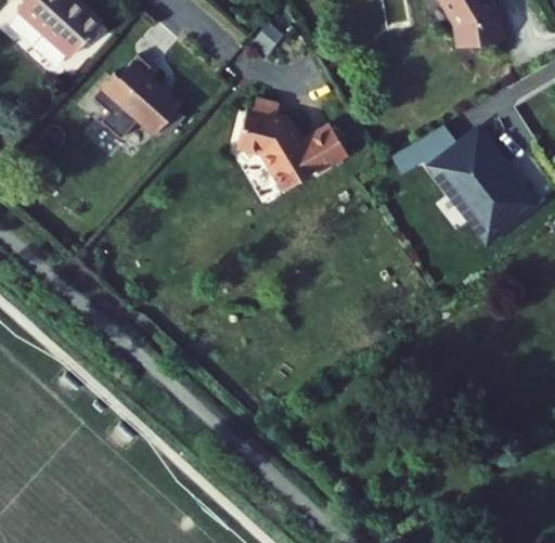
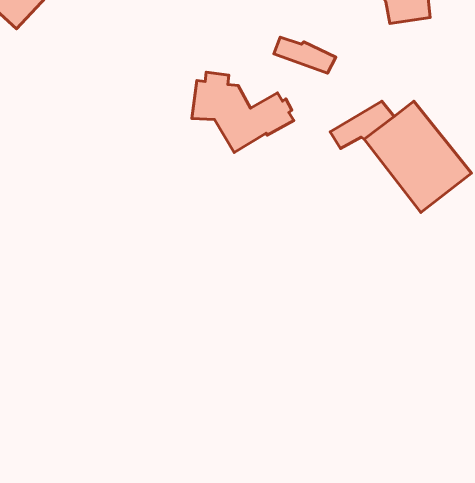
building: [81,55,169,138] -> none
building: none -> [274,37,336,73]

